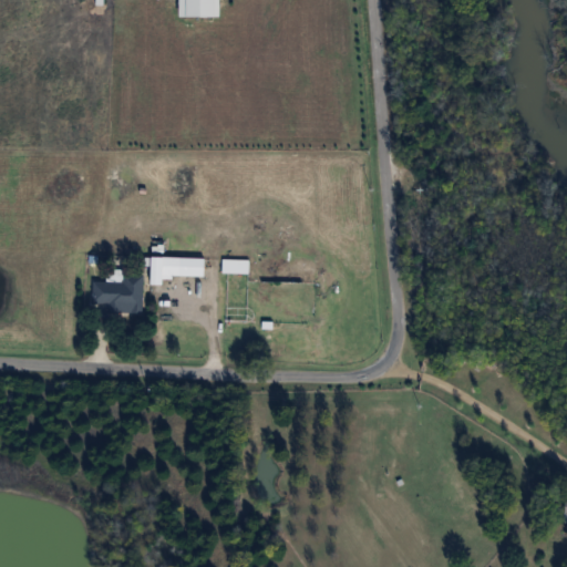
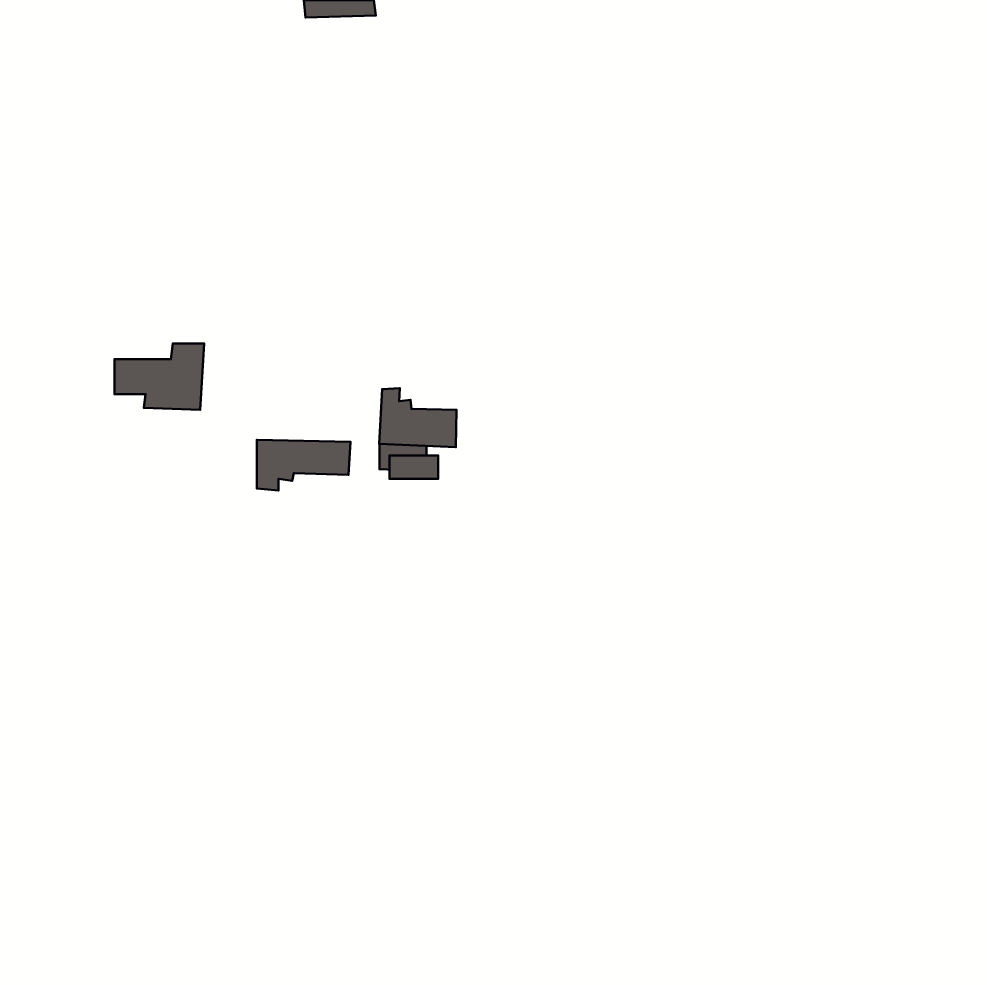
building: none -> [379,388,456,447]
building: [91,275,142,312] -> [114,344,204,410]

